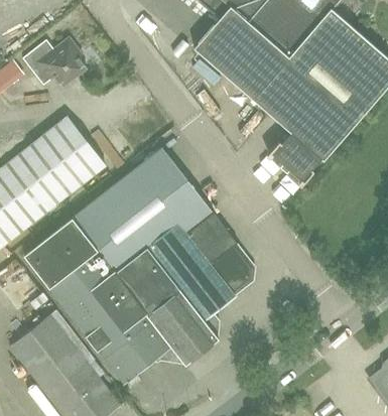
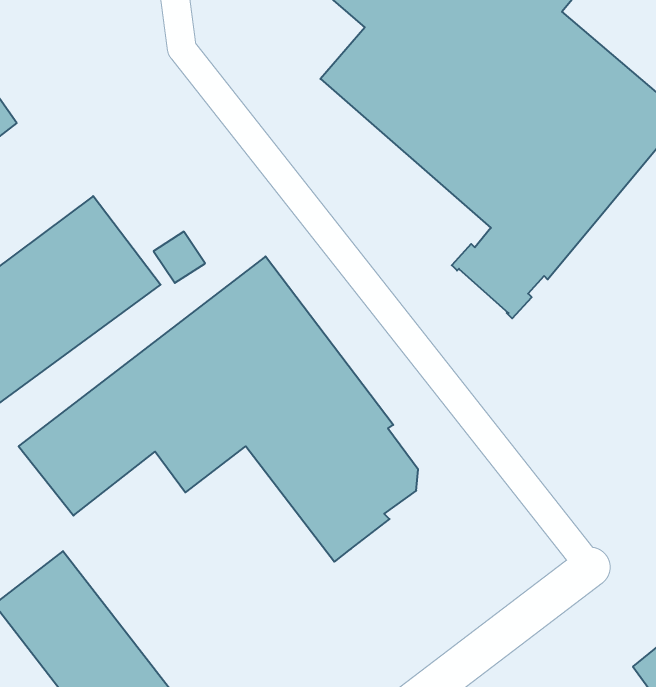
building: [21,39,85,87] -> none
building: [54,258,218,384] -> none

